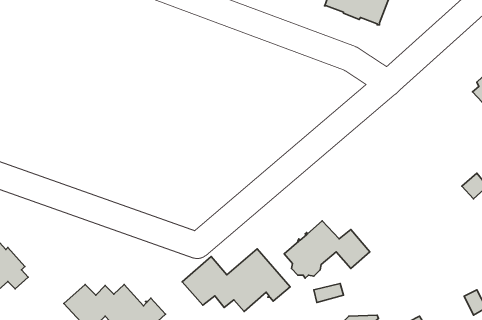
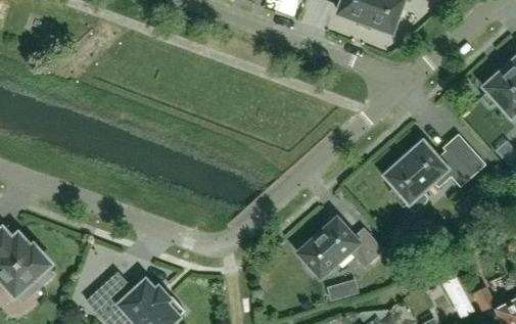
building: none -> [386,133,485,210]
building: [182,249,290,312] -> none

